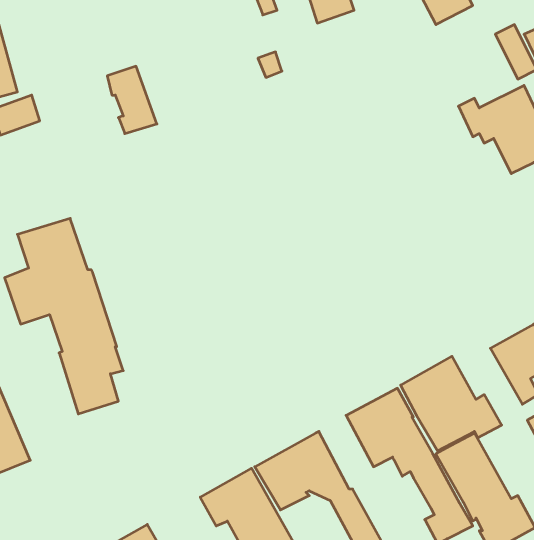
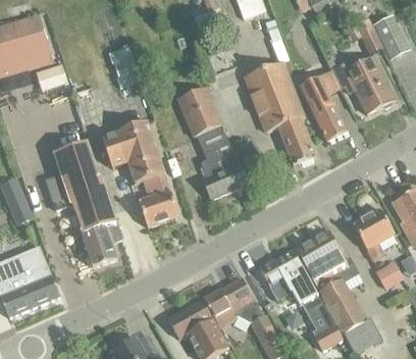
building: none -> [246,62,316,165]
building: none -> [300,70,348,142]
building: none -> [178,87,248,199]
building: none -> [102,120,177,225]

